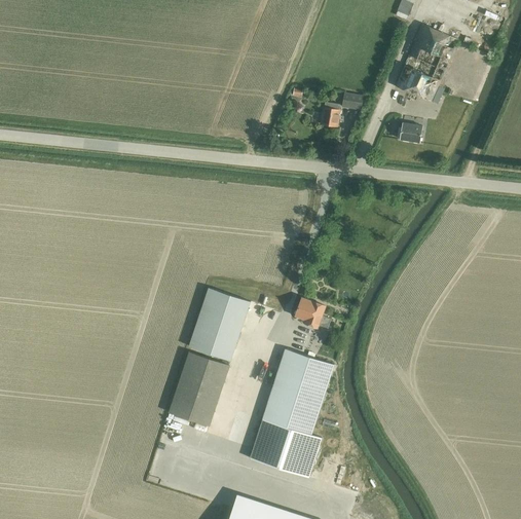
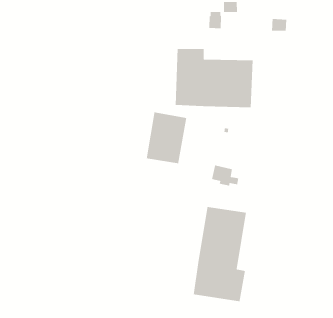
building: none -> [175,48,253,108]
building: [189,288,250,360] -> [146,111,187,164]
building: [170,353,228,424] -> none

